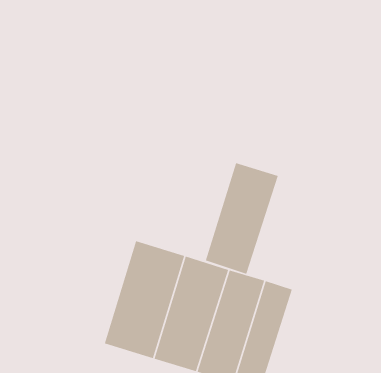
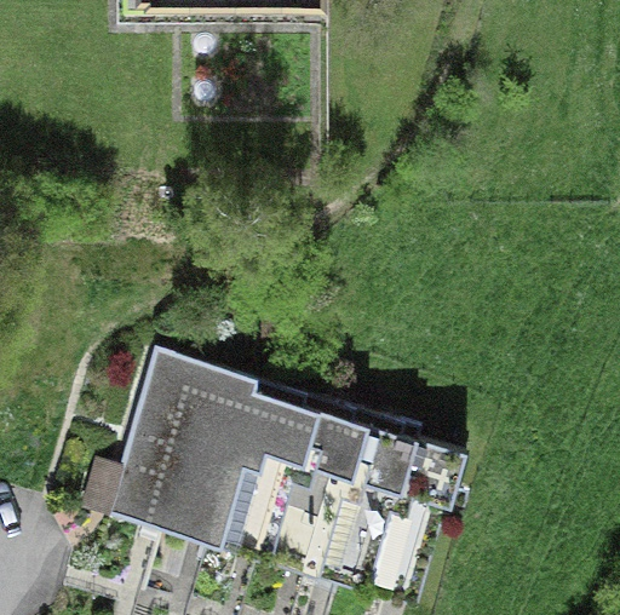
building: [205,162,279,275] -> none
building: none -> [101,350,223,527]

